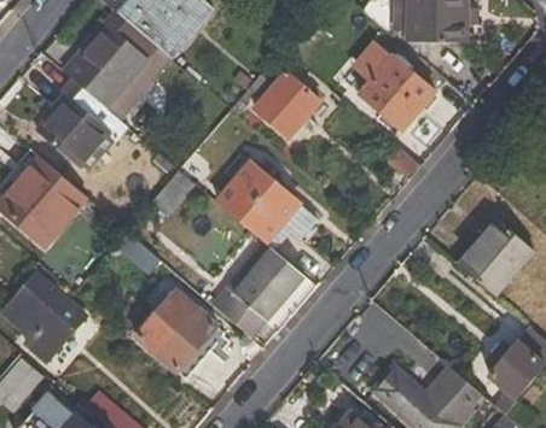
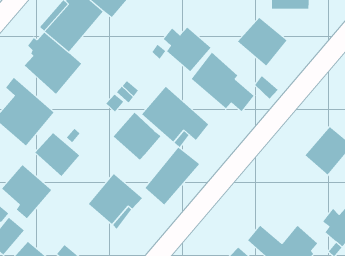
building: none -> [191,52,255,112]
building: none -> [113,112,162,160]
building: none -> [34,132,80,177]

